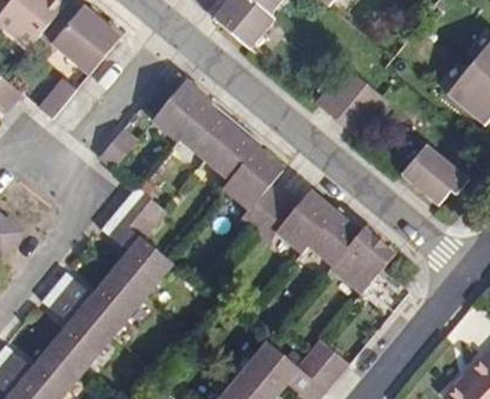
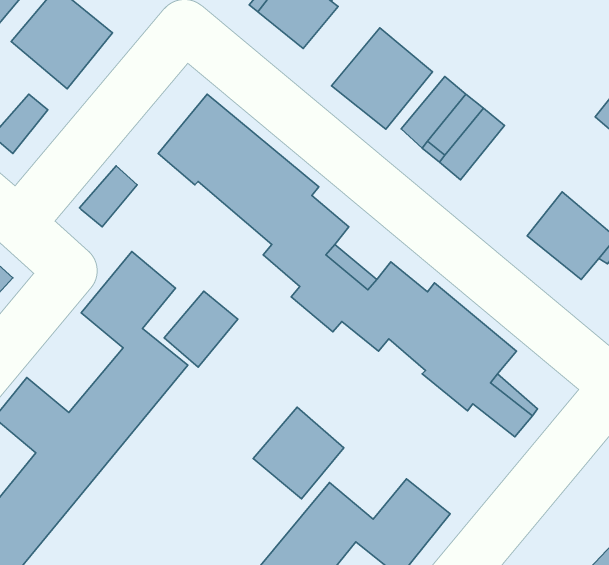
building: none -> [332,28,432,129]
building: none -> [164,291,238,367]
building: none -> [253,407,344,499]

